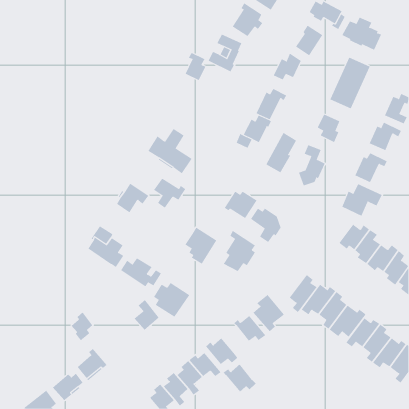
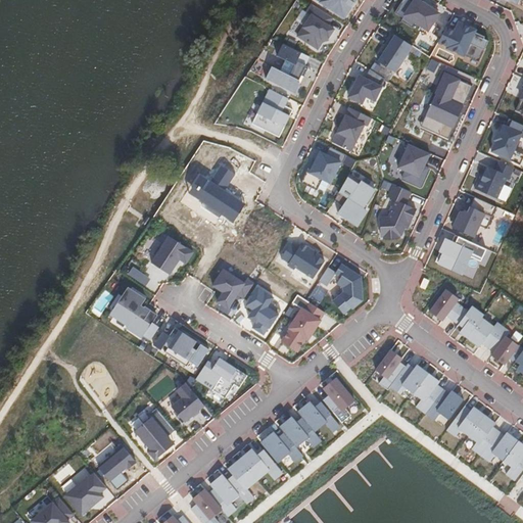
building: [185,52,206,81] -> [263,94,290,131]
building: [153,178,186,208] -> [211,269,253,307]
building: [71,311,93,341] -> [137,417,165,455]
building: [223,364,257,392] -> [279,415,322,451]

